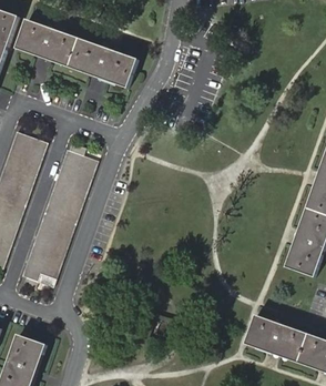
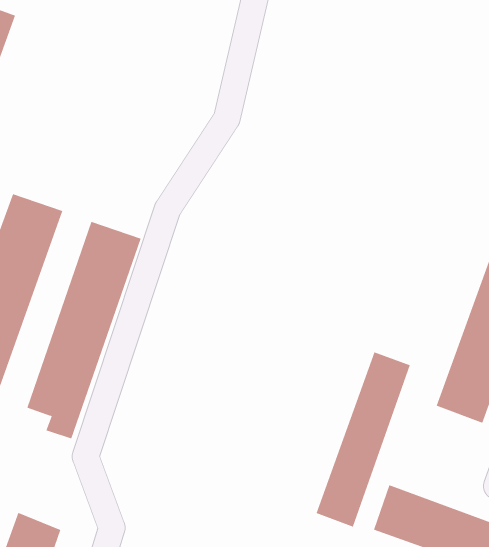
building: [14,20,136,88] -> none
building: none -> [316,352,411,528]

